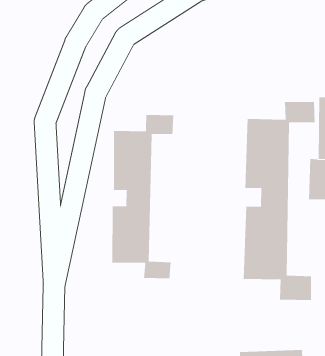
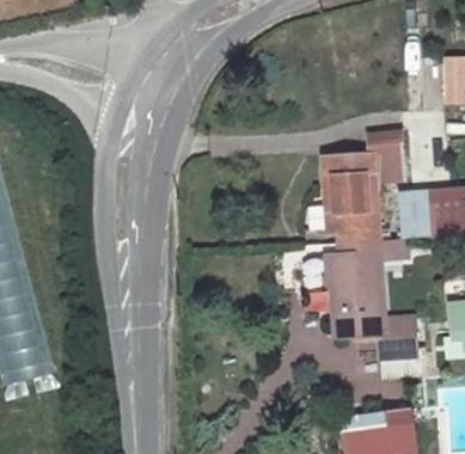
building: [112,114,174,279] -> none

